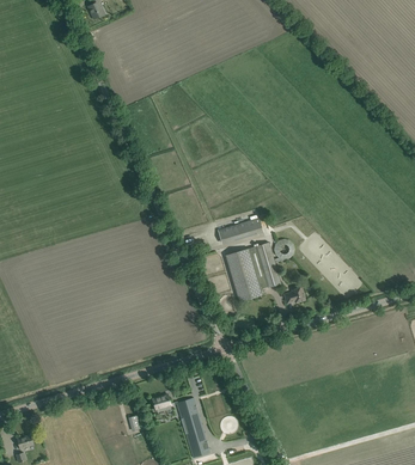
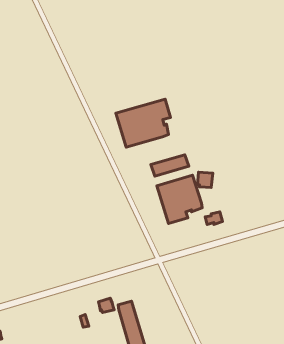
building: none -> [116,99,170,147]

